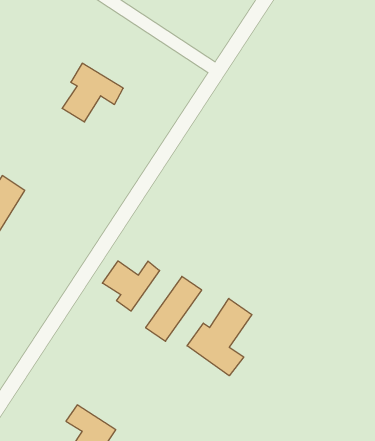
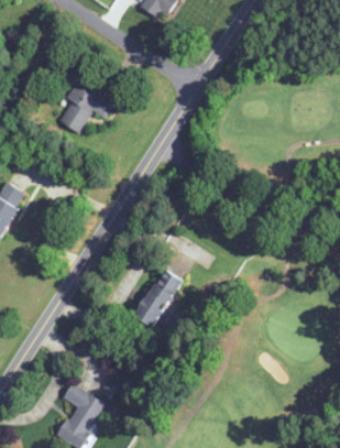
building: [102,261,160,311] -> none
building: [187,298,252,376] -> none

